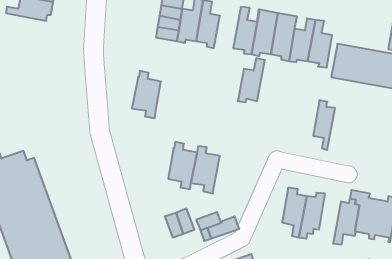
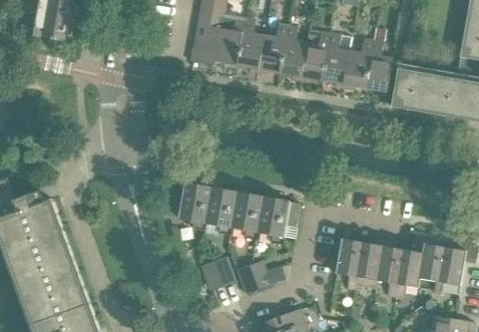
building: [238,58,265,102] -> [257,24,288,74]
building: [132,71,161,118] -> [177,176,210,230]
building: [313,100,335,150] -> [377,240,402,297]
building: none -> [257,190,301,244]

